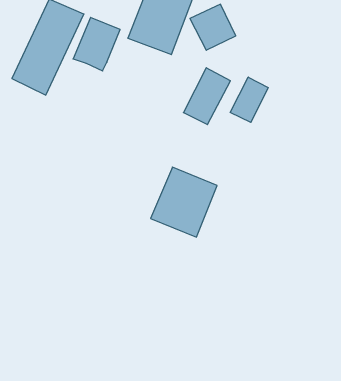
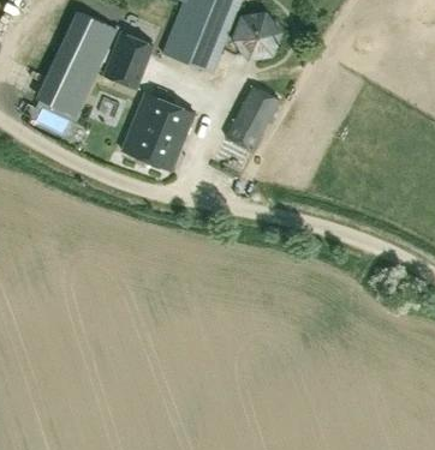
building: [230,77,268,122] -> none
building: [151,167,217,237] -> [121,92,195,169]

